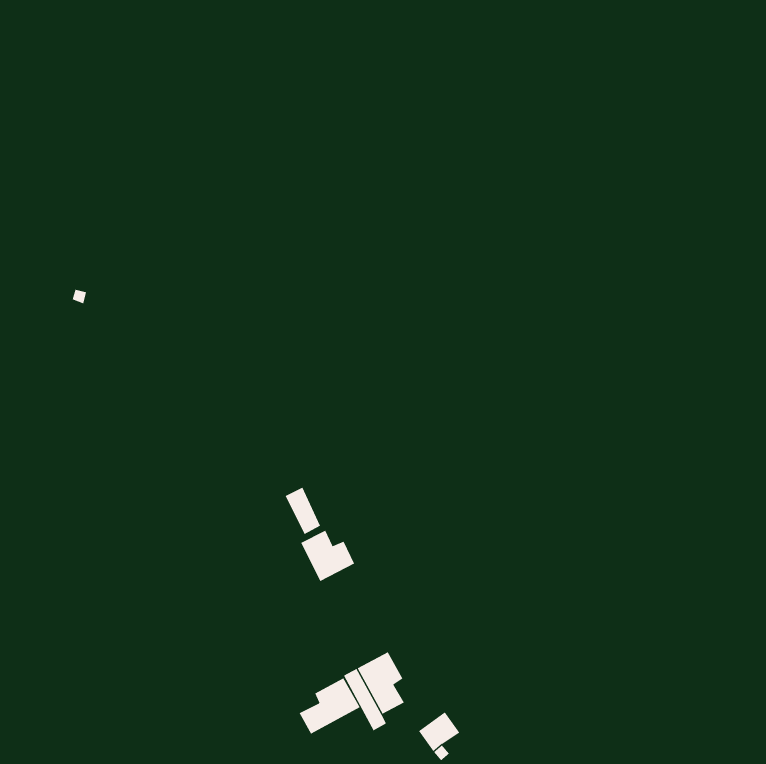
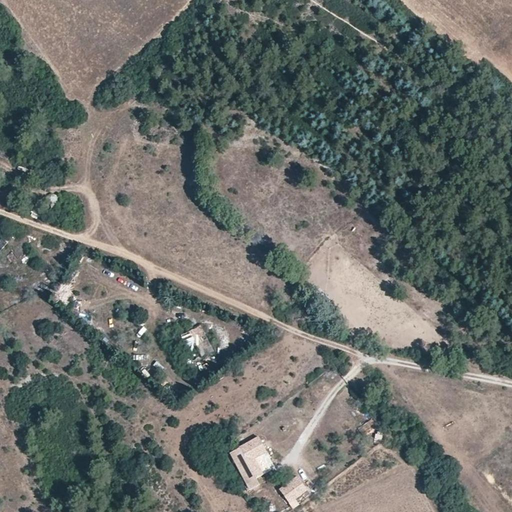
building: [301,530,355,582] -> none
building: [299,678,361,734] -> none

